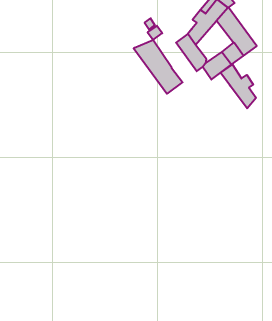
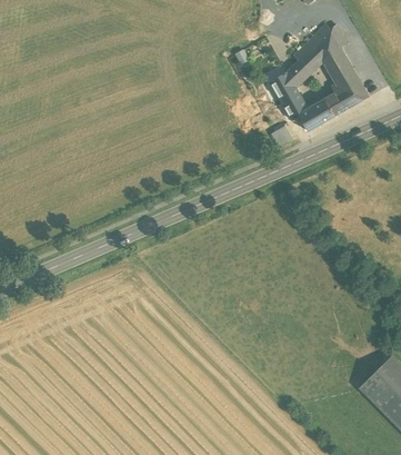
building: [134,40,183,94] -> none
building: [221,64,256,108] -> none

